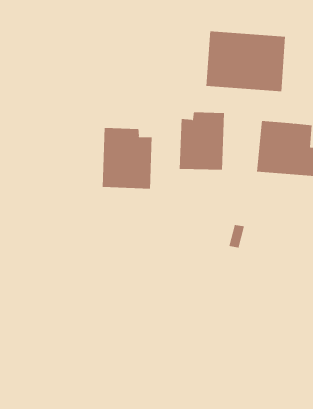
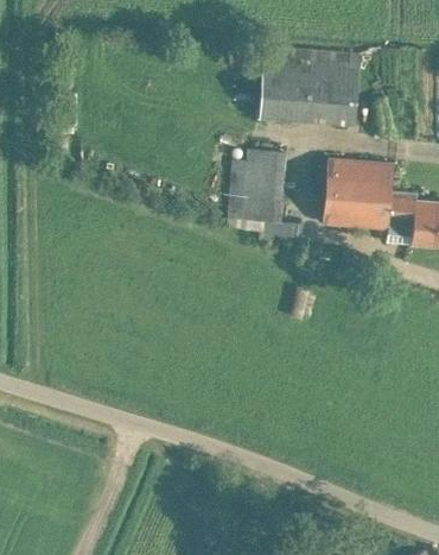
building: [102,127,152,190] -> none

